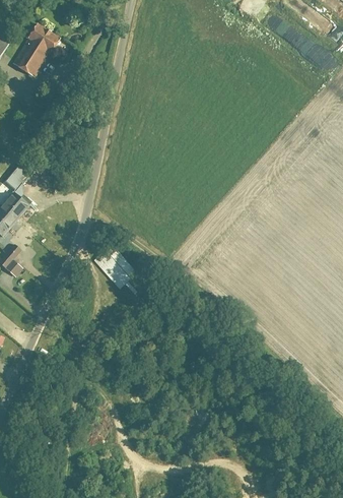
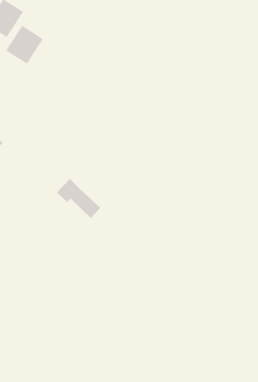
building: none -> [5,25,44,64]

